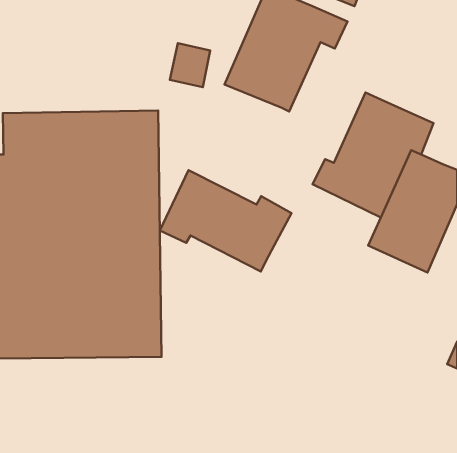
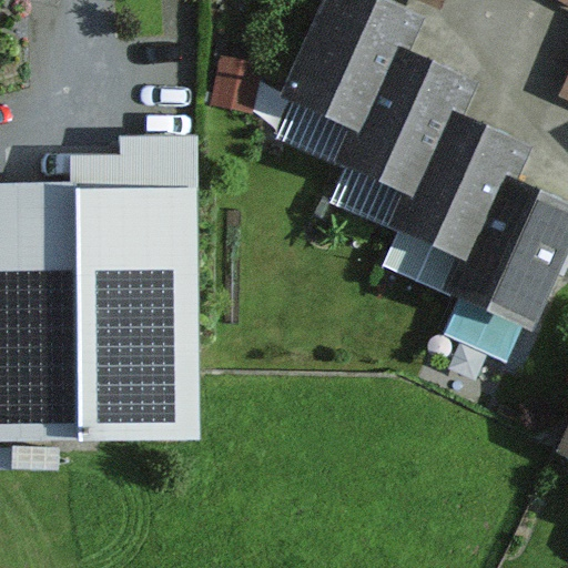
building: none -> [334,52,480,201]
building: [160,170,291,271] -> none

